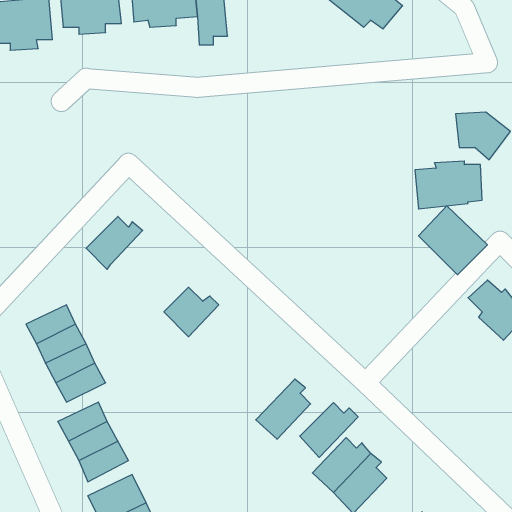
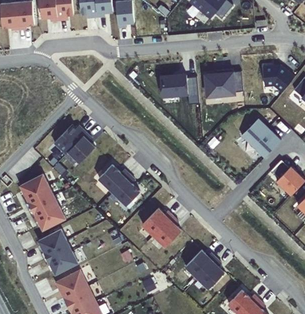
building: none -> [159,74,187,96]
building: [415,161,482,209] -> [204,69,242,96]
building: none -> [67,132,94,162]
building: none -> [111,174,139,205]
building: [300,403,358,457] -> [138,208,171,239]

